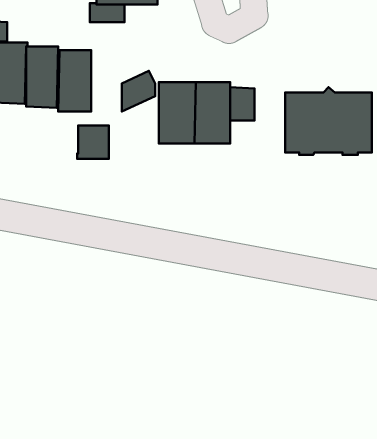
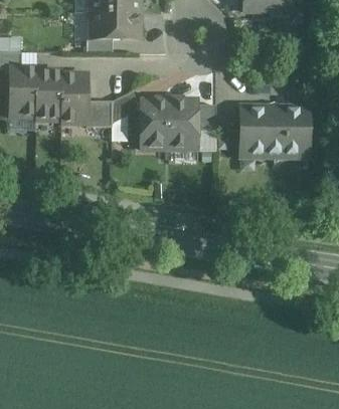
building: [77,126,109,159] -> [86,99,111,126]

